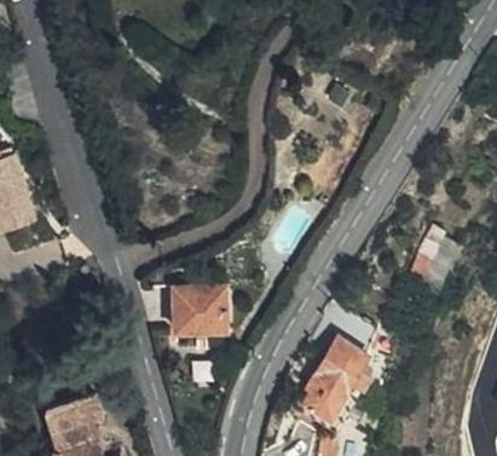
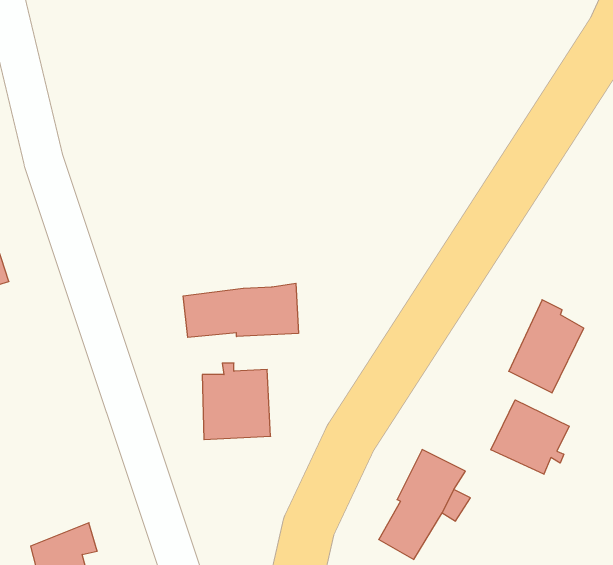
building: none -> [183,283,298,337]
building: none -> [491,400,569,474]

